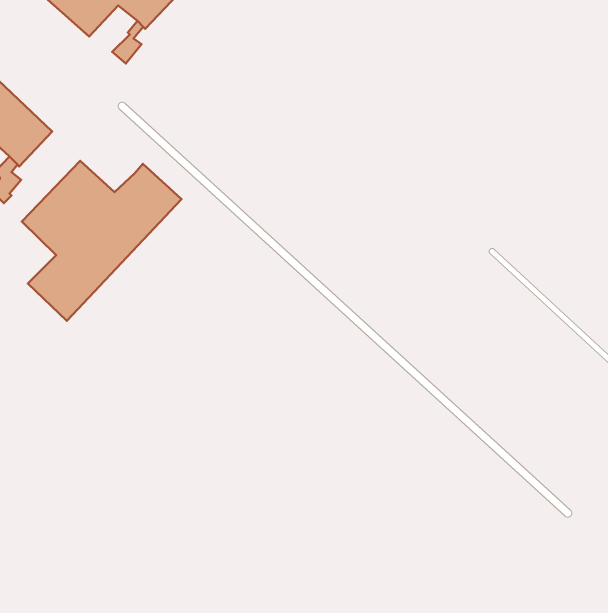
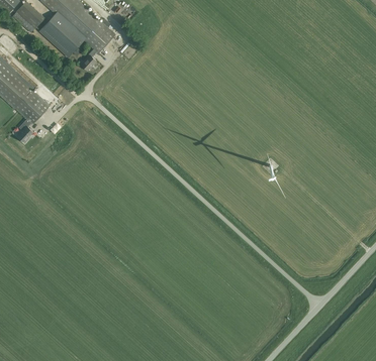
building: [22,161,182,321] -> none

